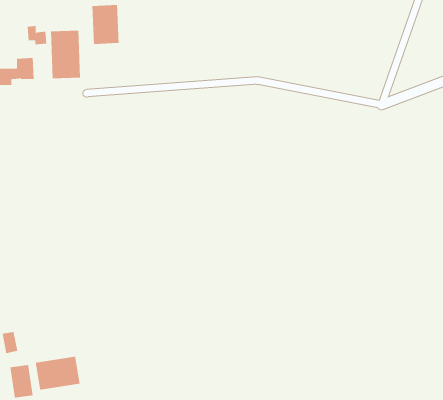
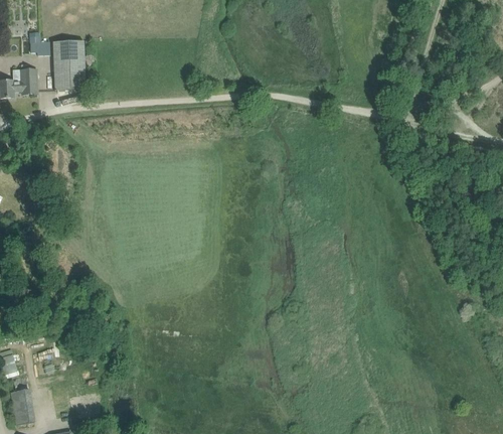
building: [92,4,119,45] -> none
building: [35,356,80,391] -> none

